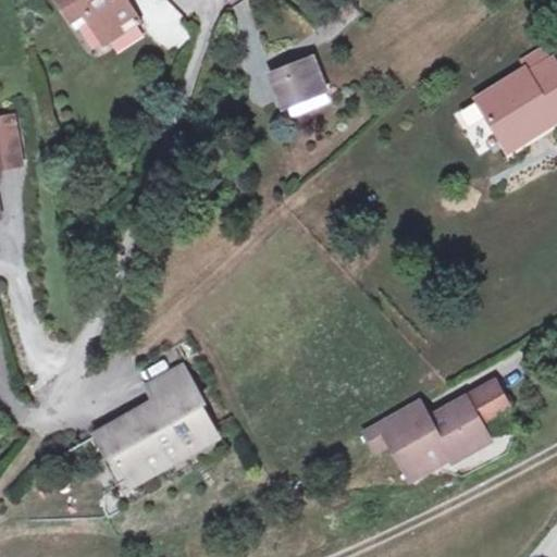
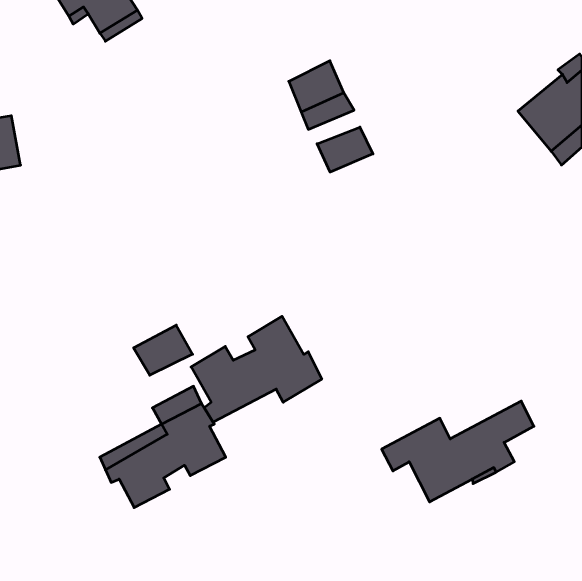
building: none -> [317,127,373,172]
building: none -> [191,316,322,422]
building: none -> [134,325,193,375]

